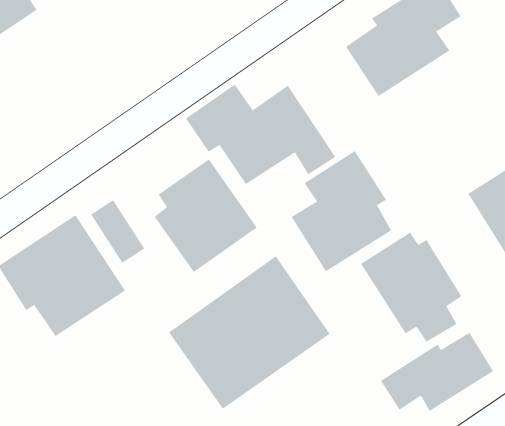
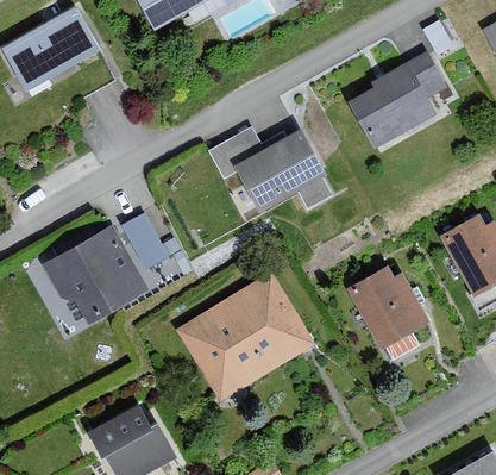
building: [291,150,392,272] -> none
building: [154,159,257,273] -> none
building: [380,332,494,412] -> none

